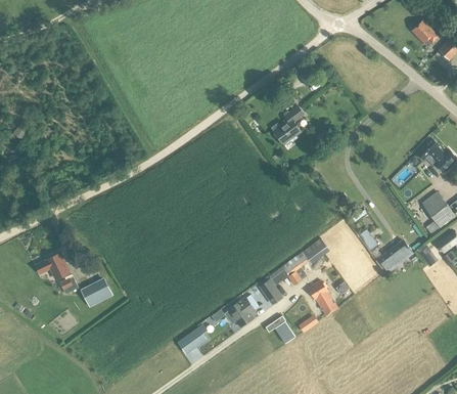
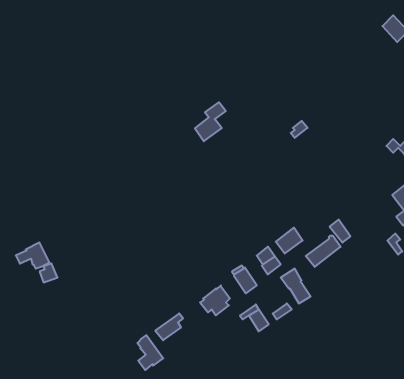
building: [273,105,305,145] -> [195,102,226,141]
building: [375,240,411,272] -> [306,236,341,267]
building: [80,278,112,307] -> none
building: none -> [137,335,163,370]

